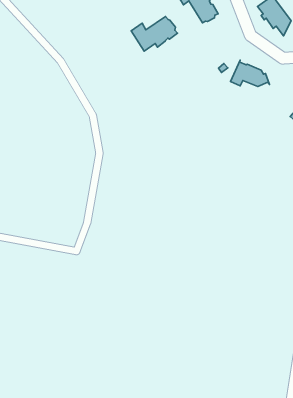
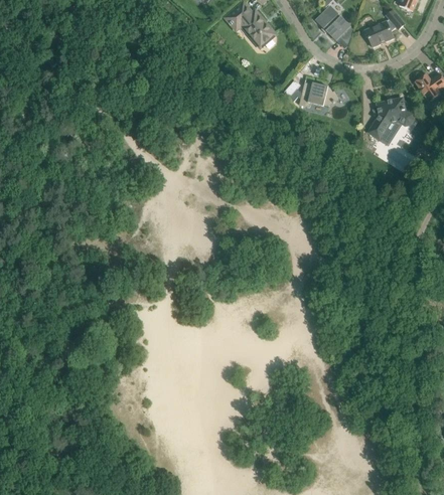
building: [131,16,177,51] -> none

